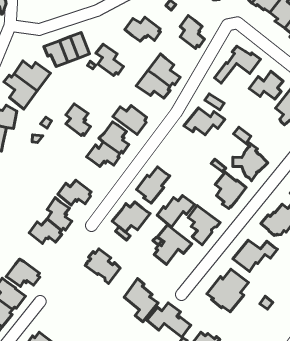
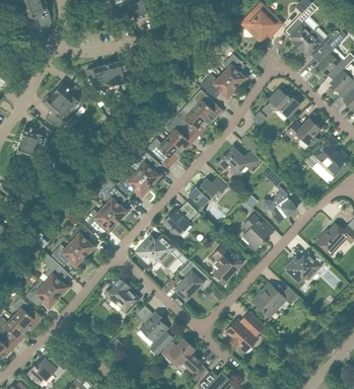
building: [125,17,161,41] -> [201,74,236,98]
building: [96,44,124,76] -> [165,119,192,151]
building: [66,104,91,136] -> [103,187,128,220]
building: [157,195,195,227] -> [189,177,227,208]
building: none -> [41,253,69,296]

